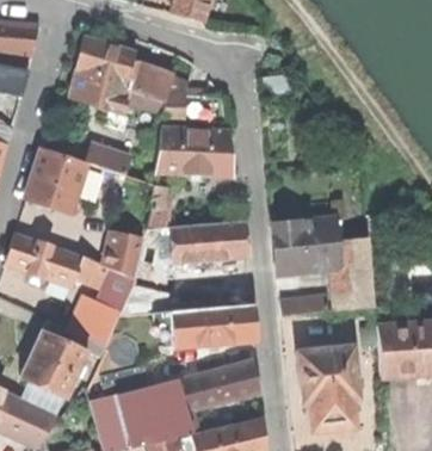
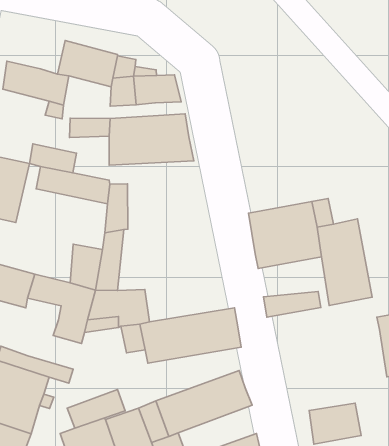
building: [78,37,129,86] -> none
building: [173,222,247,260] -> none
building: [69,294,117,344] -> none
building: [296,346,357,401] -> none

